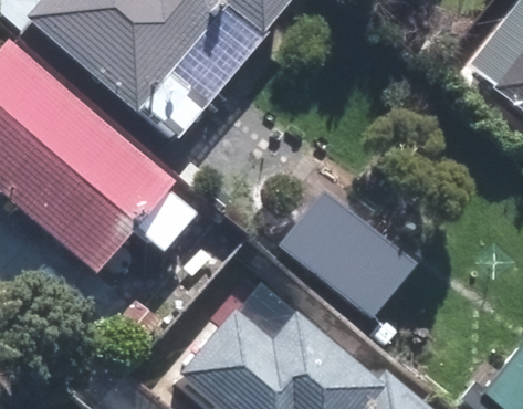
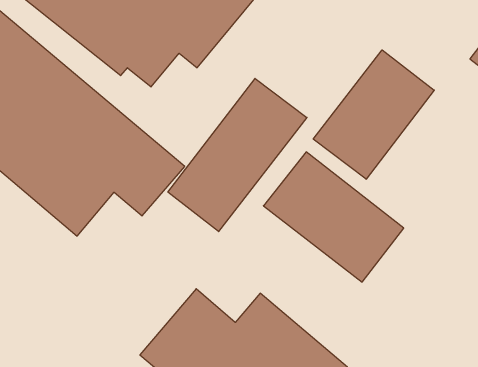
building: none -> [313,50,434,179]
building: none -> [168,78,307,232]

